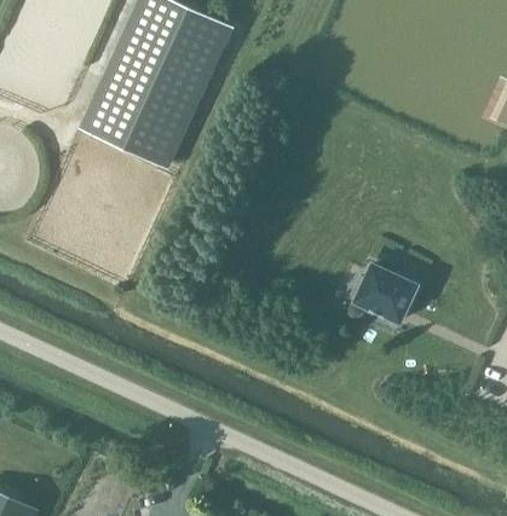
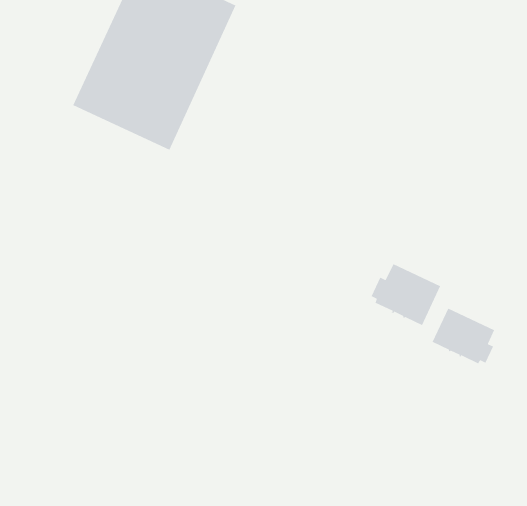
building: none -> [431,307,495,364]

